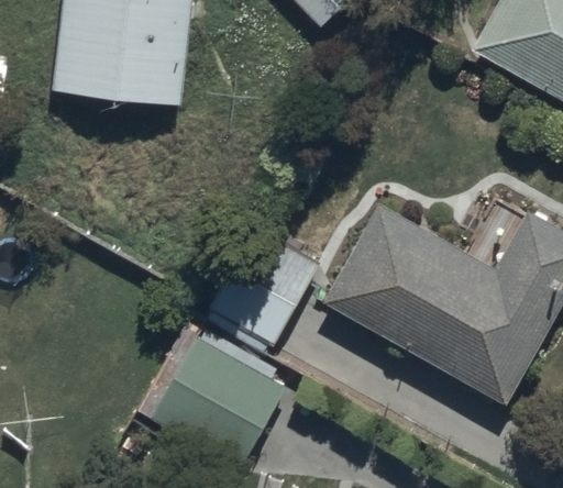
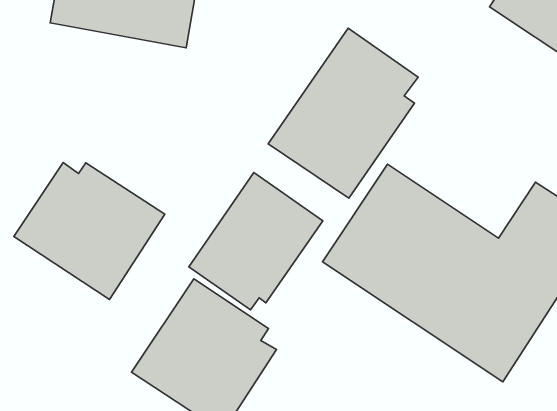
building: none -> [268,28,418,198]
building: none -> [14,162,165,300]

